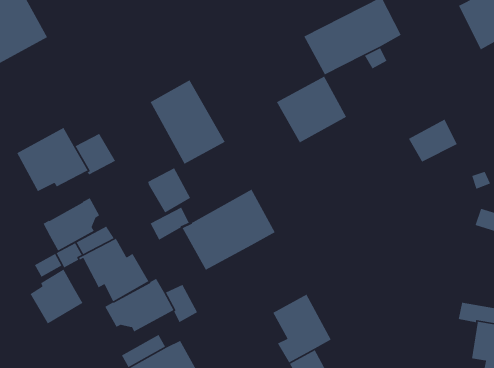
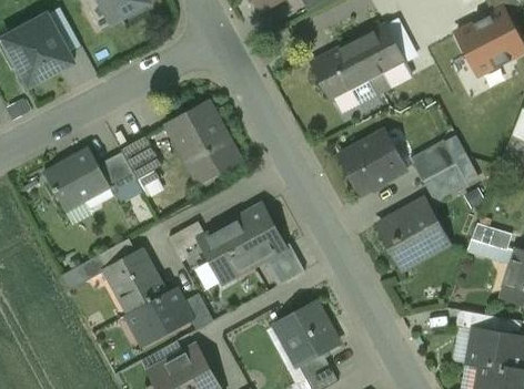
building: [276,76,347,143] -> [339,131,405,194]
building: none -> [423,164,468,205]
building: [147,167,191,214] -> [121,136,162,180]
building: none -> [379,201,449,268]
building: [42,197,100,251] -> none
building: none -> [264,244,305,286]
building: [29,268,84,324] -> none

